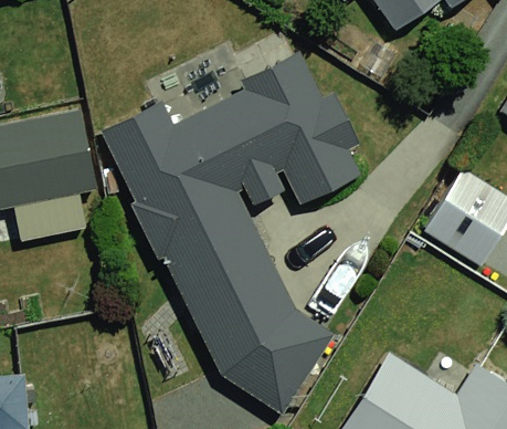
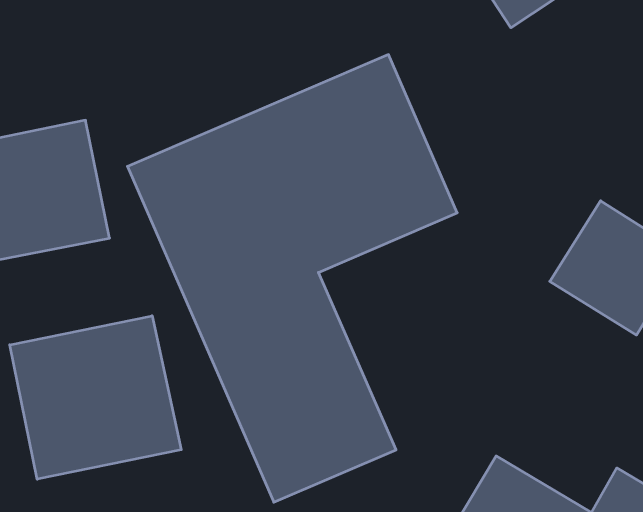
building: none -> [10,316,181,479]

